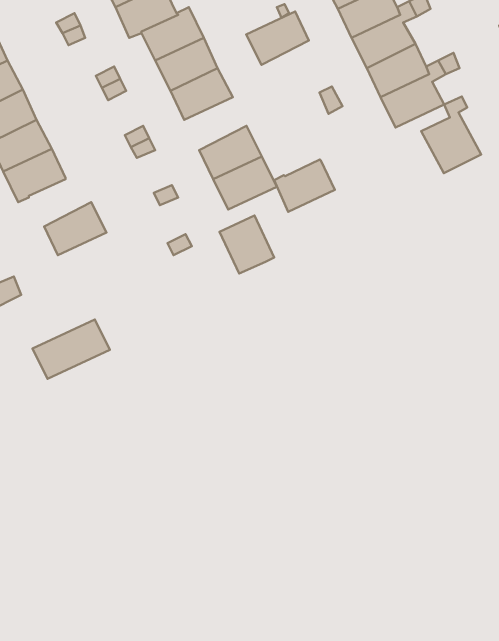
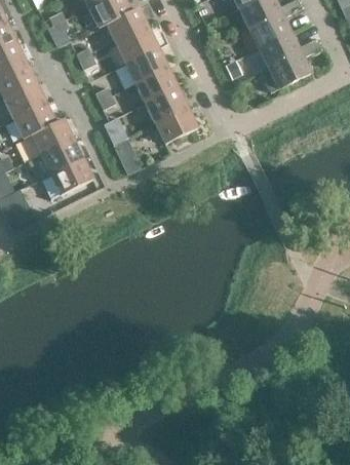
building: [246,12,309,65] -> [134,67,177,103]
building: [421,97,481,173] -> none
building: [274,159,335,212] -> none
building: none -> [30,117,72,154]
building: [220,215,274,274] -> none
building: [32,319,110,379] -> [40,158,92,198]

